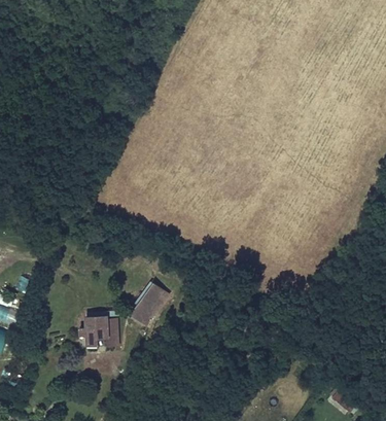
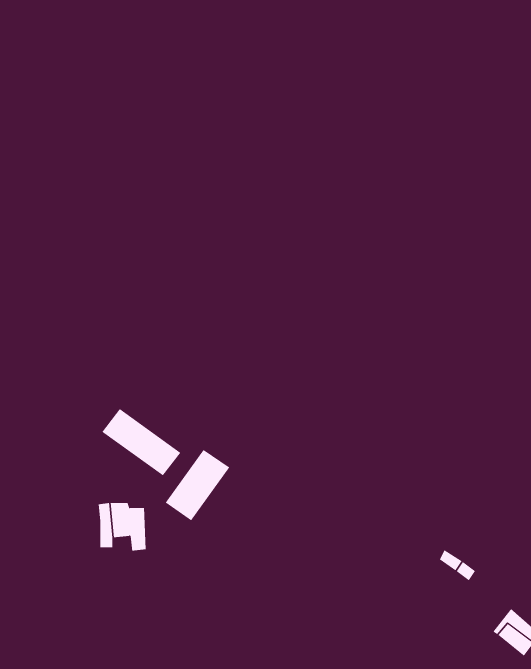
building: none -> [102,408,181,476]

